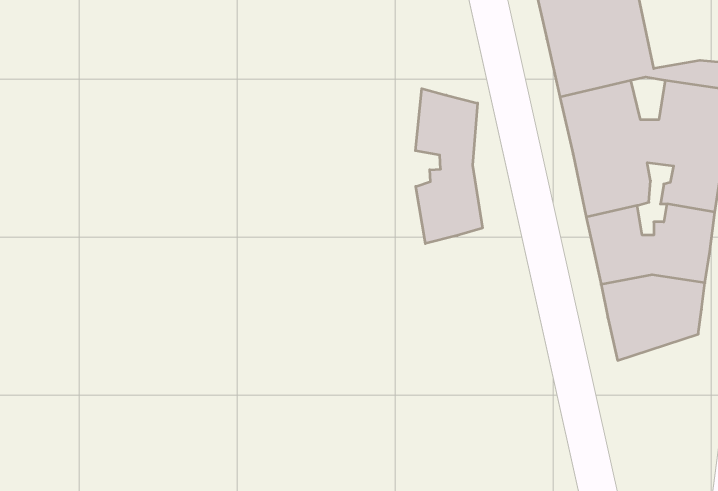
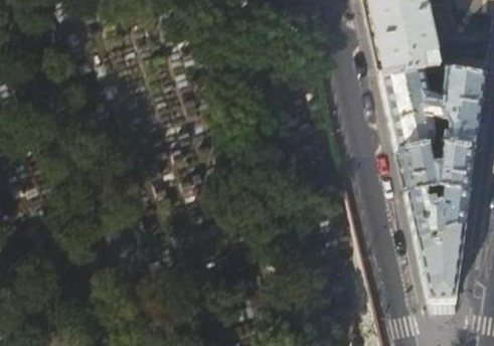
building: [415,89,482,244] -> none
building: none -> [417,216,466,293]

